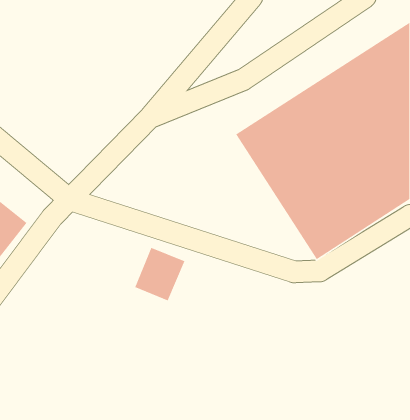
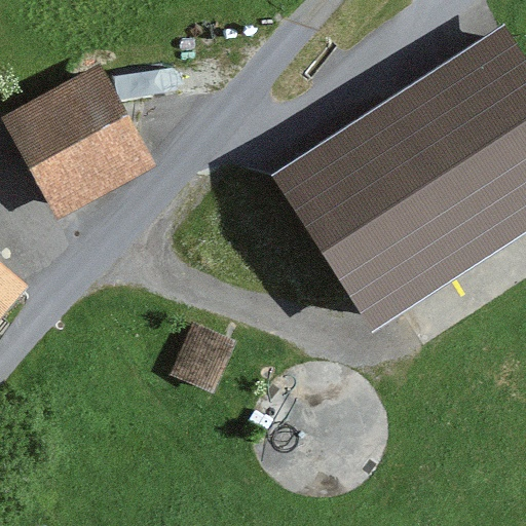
building: none -> [13,60,158,204]

